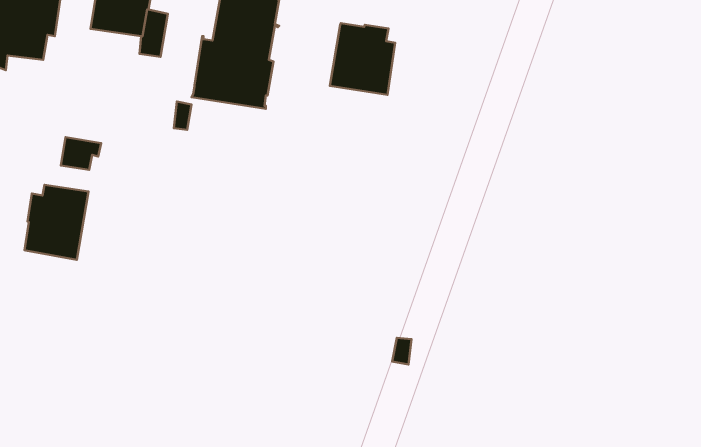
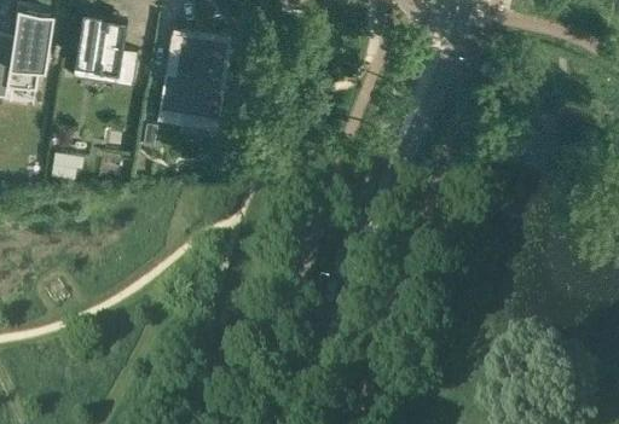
building: [330,23,395,95] -> none
building: [24,185,88,260] -> none

